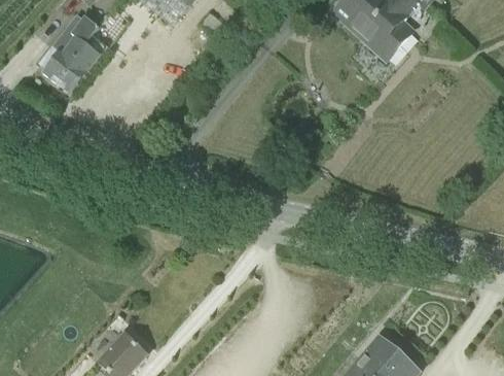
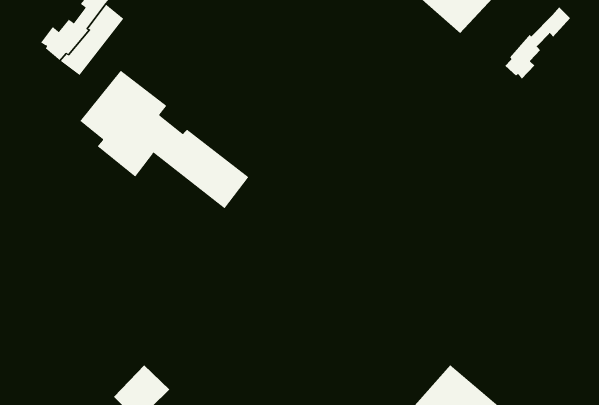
building: none -> [505,7,571,80]
building: none -> [80,70,249,209]

